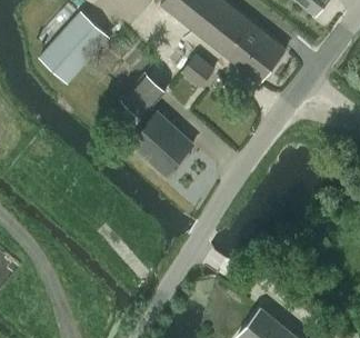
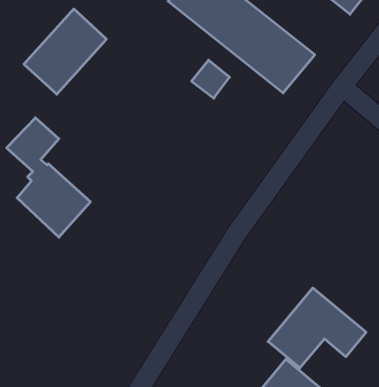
building: [121,72,192,173] -> [7,118,90,237]
building: none -> [268,288,366,368]

